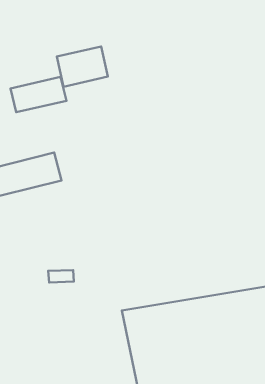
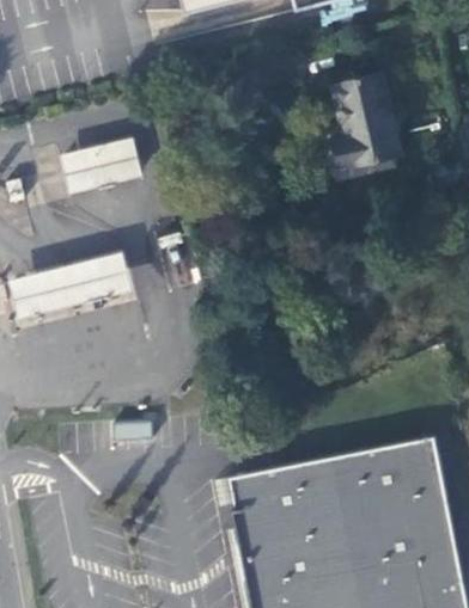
building: none -> [333,74,406,170]
building: [57,46,108,87] -> none

